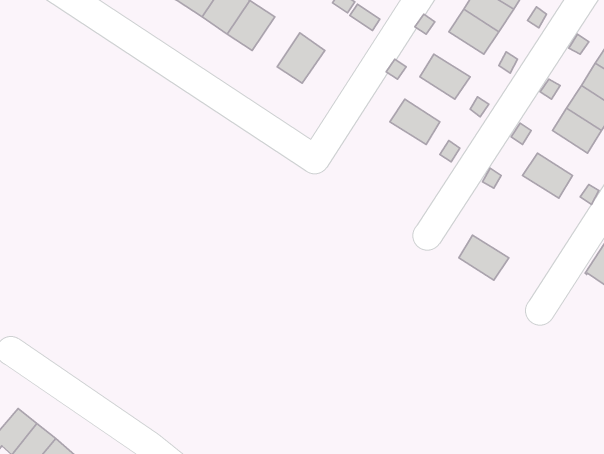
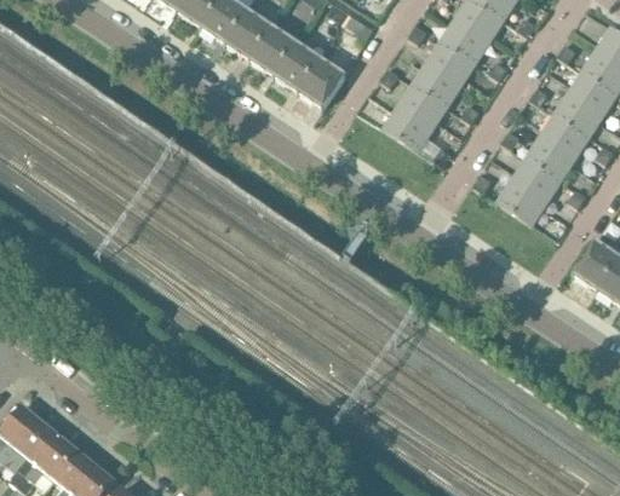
building: none -> [251,18,297,75]
building: none -> [426,41,475,85]
building: none -> [299,46,346,109]
building: none -> [398,85,447,128]
building: none -> [527,137,575,180]
building: [459,235,509,280] -> [499,180,547,224]

